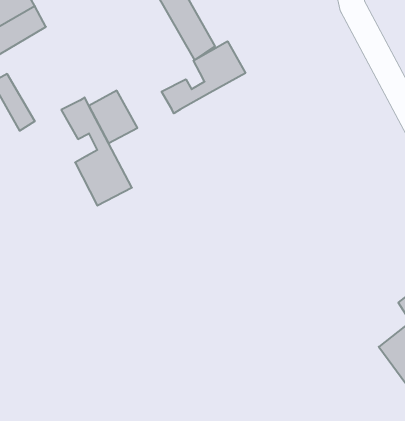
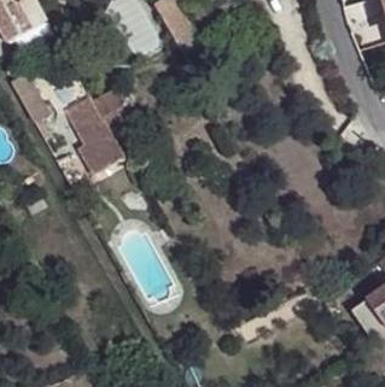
building: [162,41,245,113] -> none

